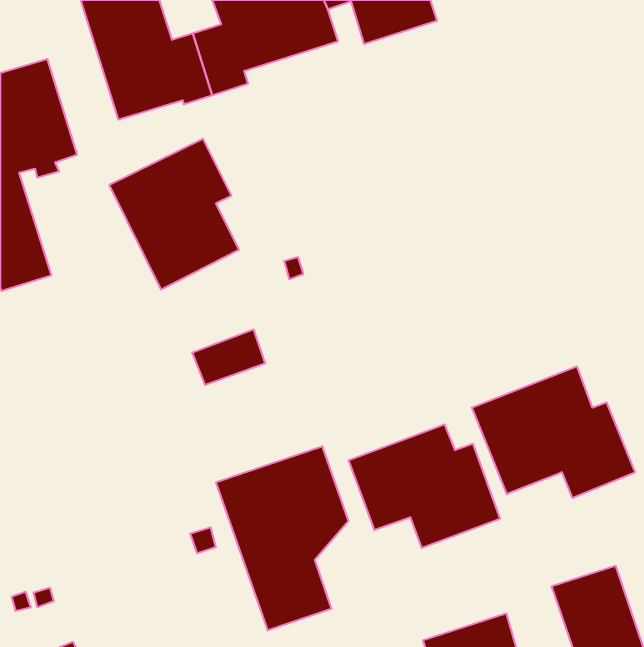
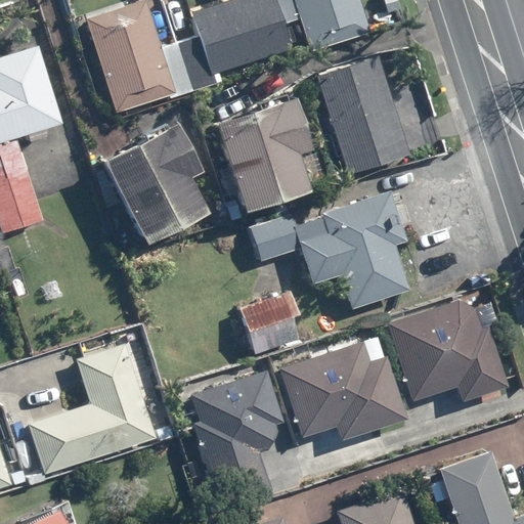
building: none -> [309,48,435,166]
building: none -> [211,91,306,206]
building: none -> [252,195,412,315]
building: [192,330,265,385] -> [249,298,307,342]
building: none -> [23,337,148,466]

